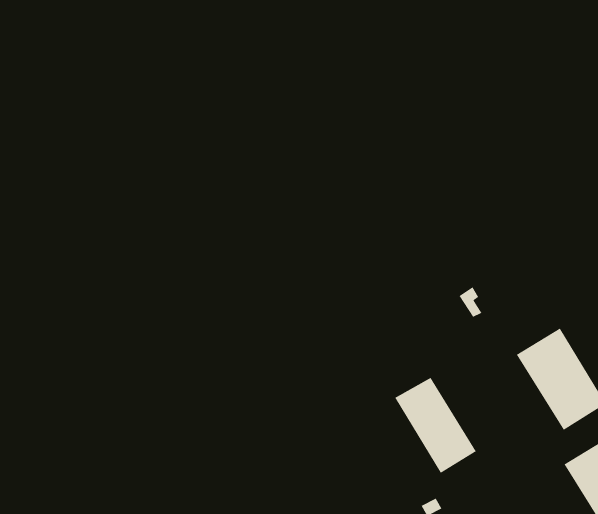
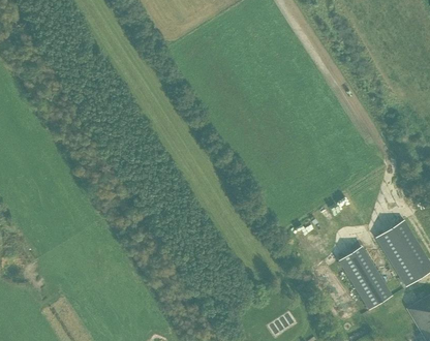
building: [394,377,477,474] -> [338,246,392,309]

